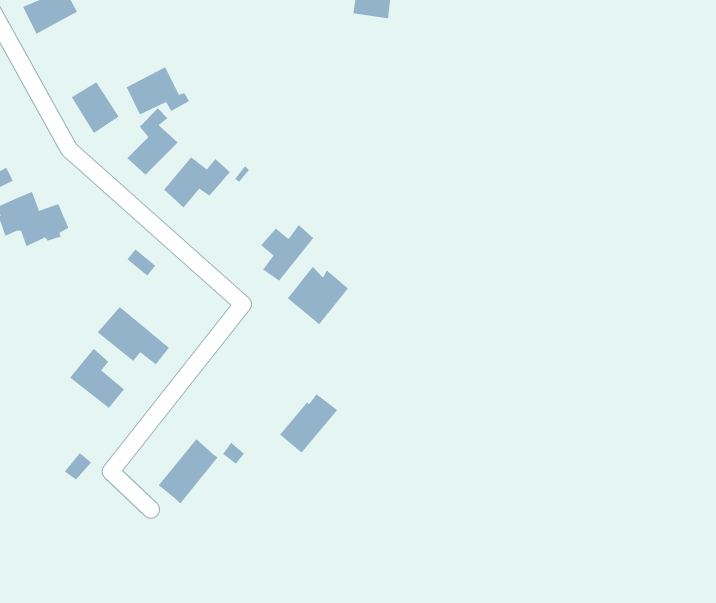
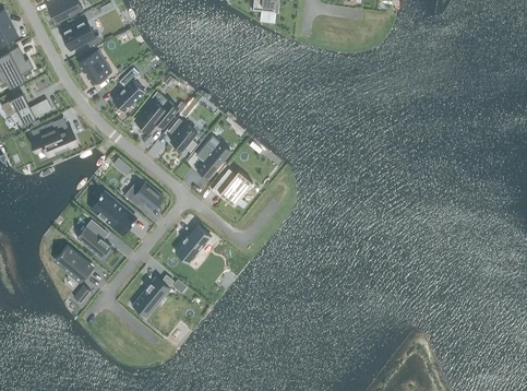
building: [126,66,190,115] -> [61,19,101,49]
building: none -> [168,118,199,152]
building: none -> [124,181,164,210]
building: none -> [53,245,94,283]
building: [279,393,338,454] -> [175,225,212,263]

